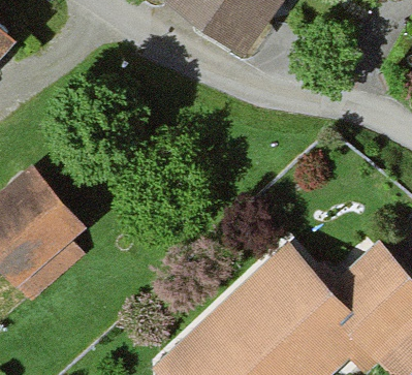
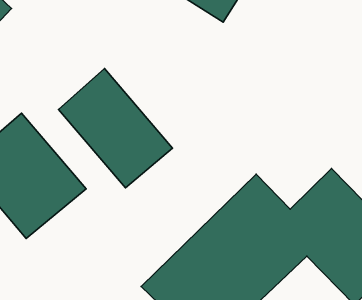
building: none -> [58,68,173,188]

